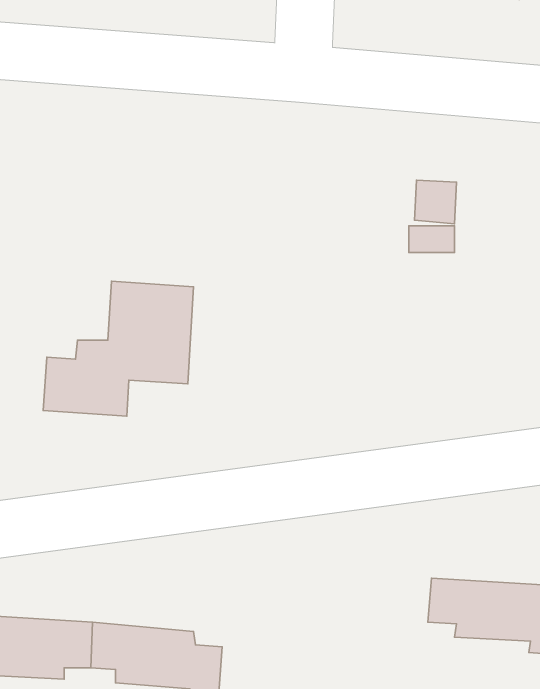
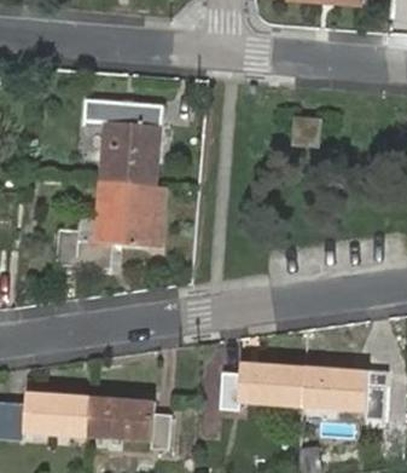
building: none -> [85,99,164,184]
building: none -> [221,364,304,409]

